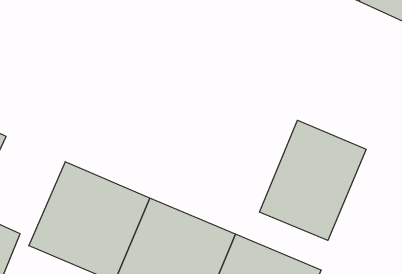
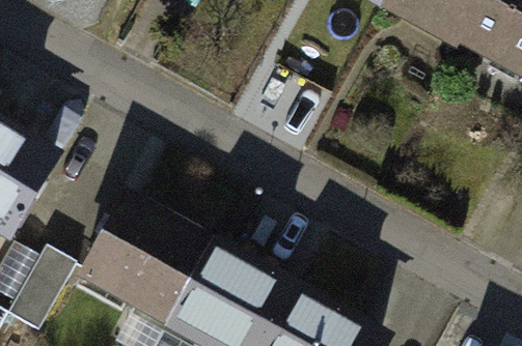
building: [259,120,366,240] -> none

